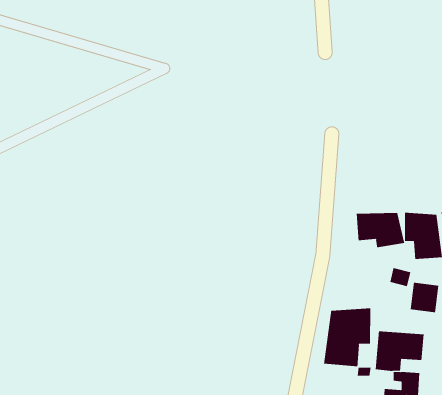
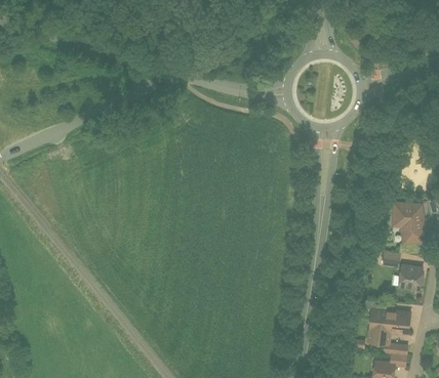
building: [356,212,405,248] -> none
building: [323,308,371,367] -> none

